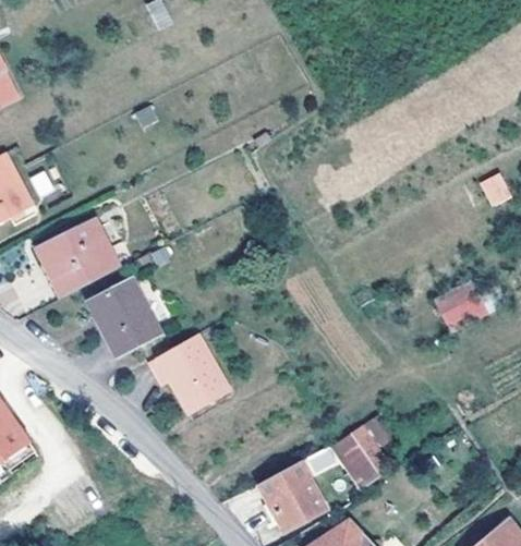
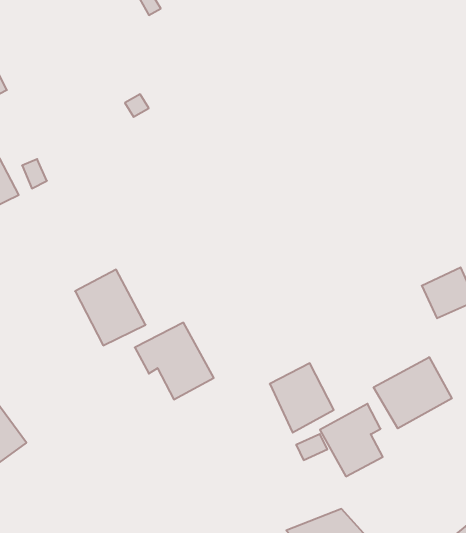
building: [32,217,117,299] -> none
building: none -> [374,357,452,428]
building: [258,462,323,532] -> [270,363,334,433]

